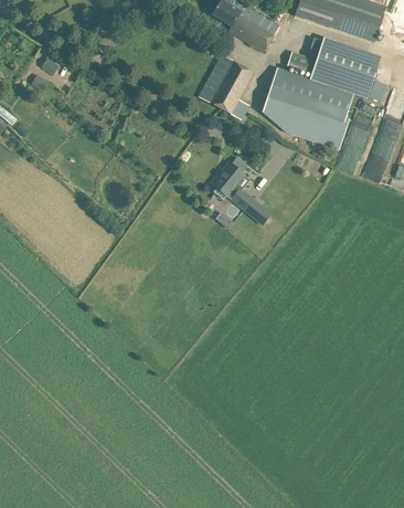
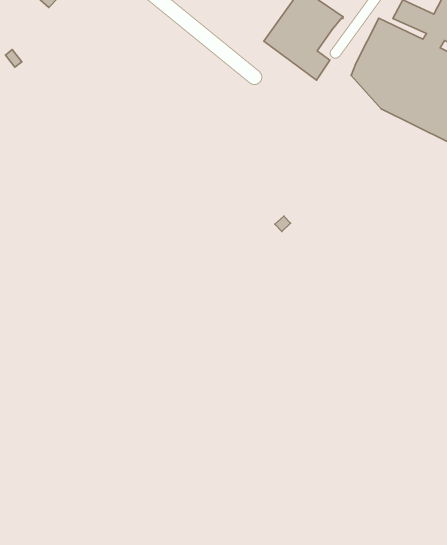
building: [213,156,272,224] -> none

